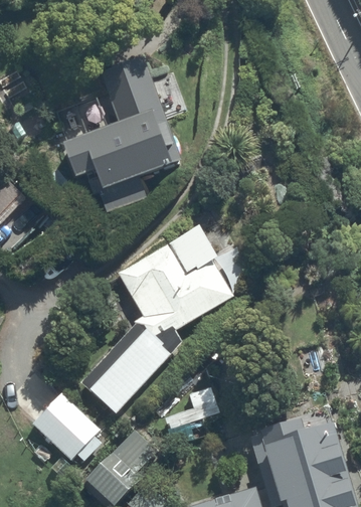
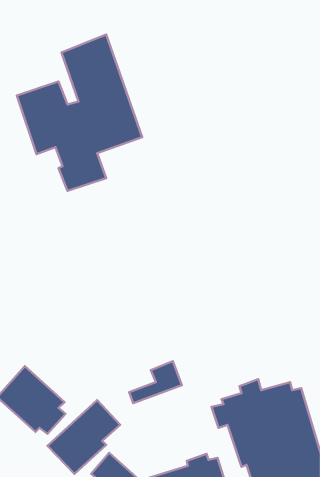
building: [81,223,250,415] -> none

